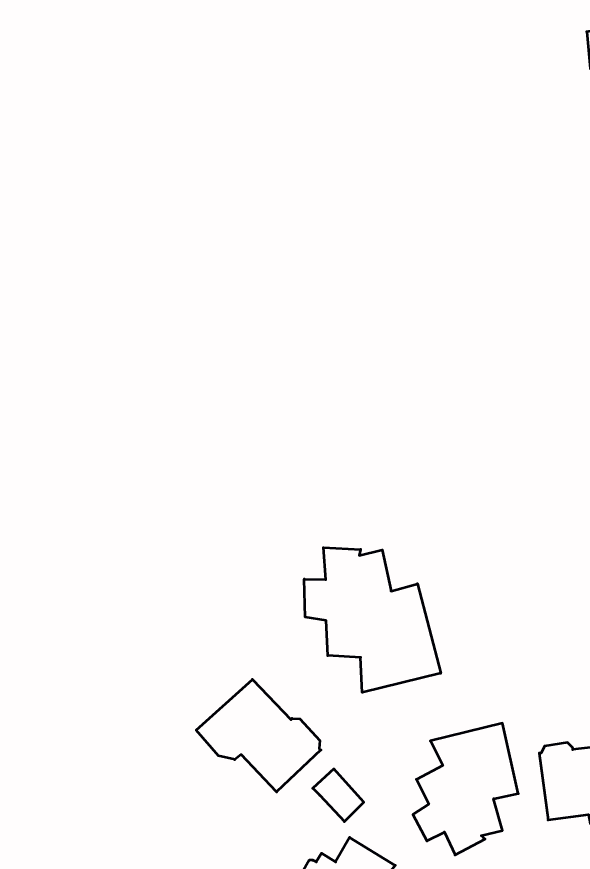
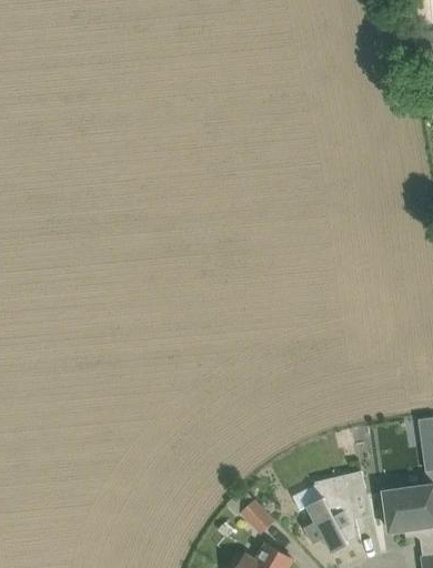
building: [304,548,441,692] -> none
building: [196,679,321,792] -> none

